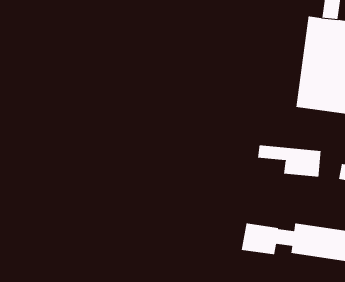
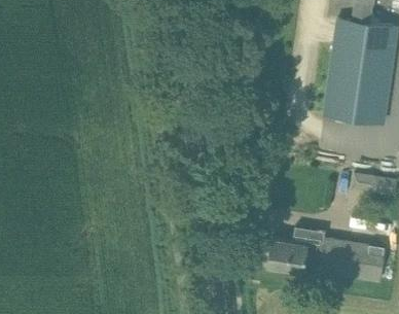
building: [258,145,321,178] -> none

